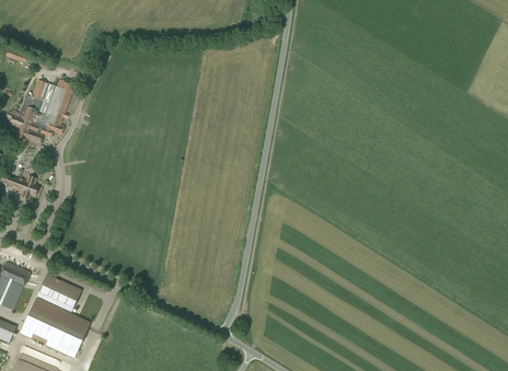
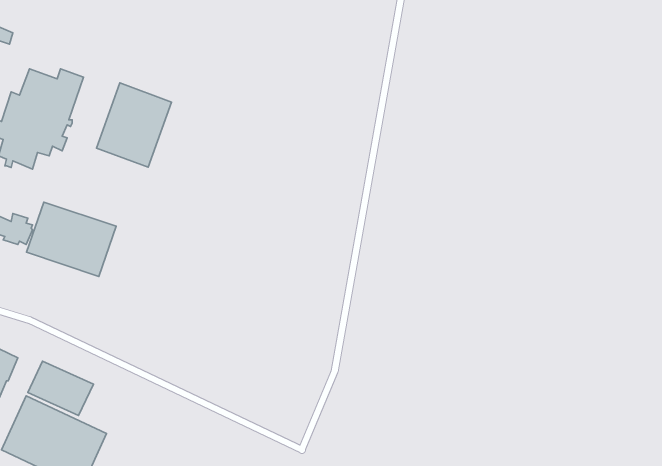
building: none -> [96,83,172,167]
building: none -> [27,202,116,276]

